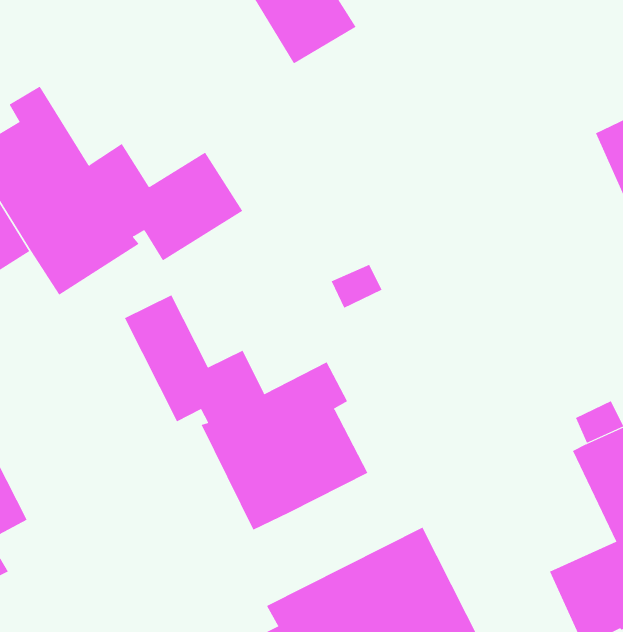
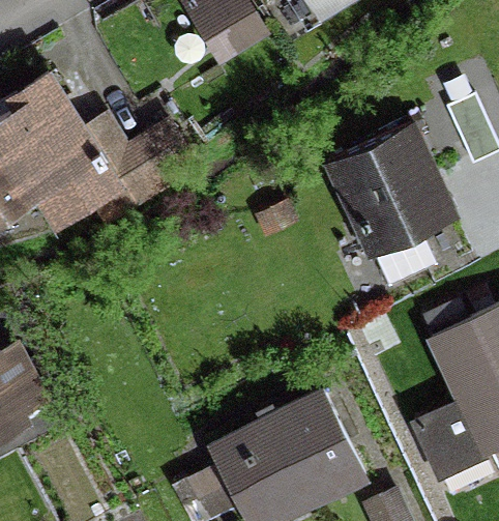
building: none -> [327,126,451,285]
building: [124,294,368,530] -> none

